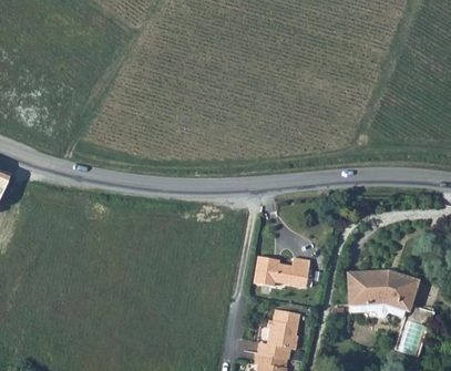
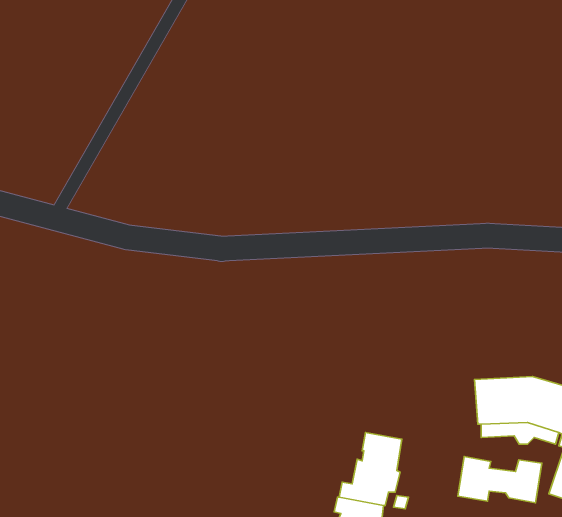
building: [253,255,309,286] -> [458,457,542,503]

